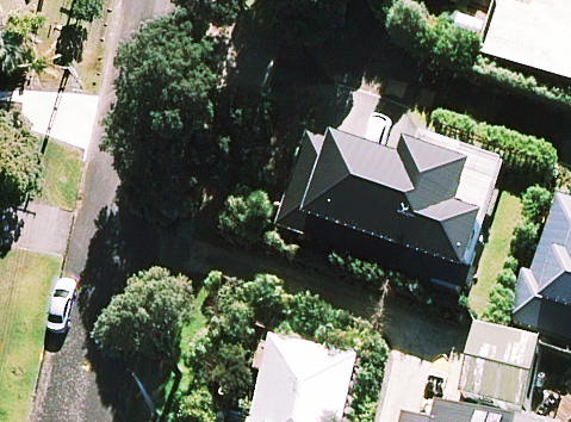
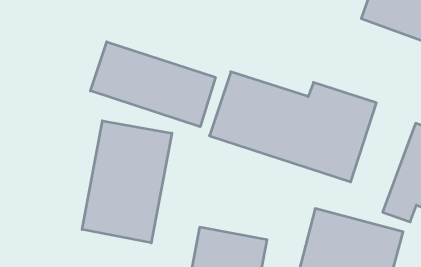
building: none -> [90,42,215,127]
building: none -> [82,121,172,243]

